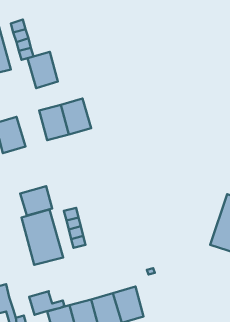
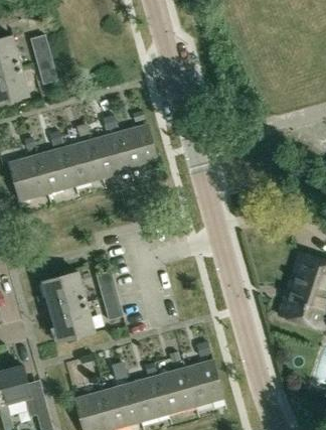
building: [27,52,58,88] -> [37,147,75,192]
building: none -> [120,124,158,169]
building: [20,186,52,216] -> none
building: none -> [186,360,224,405]
building: [29,291,64,315] -> none

